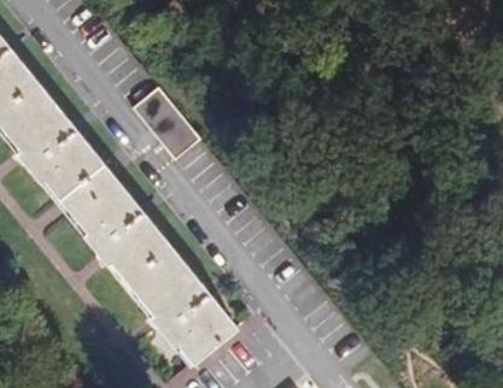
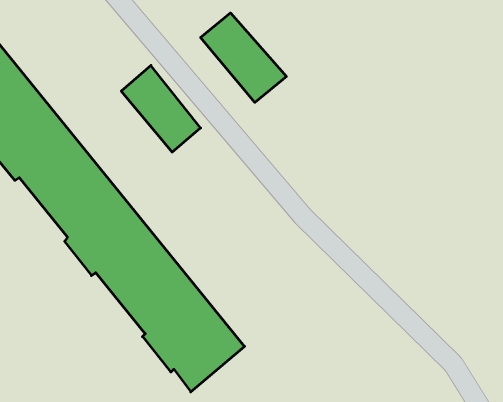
building: none -> [201,13,286,102]

